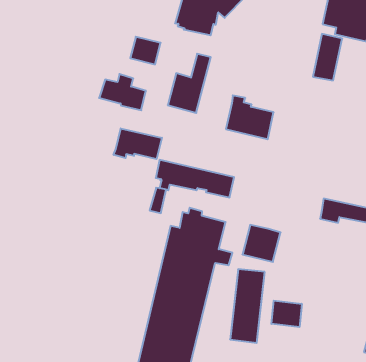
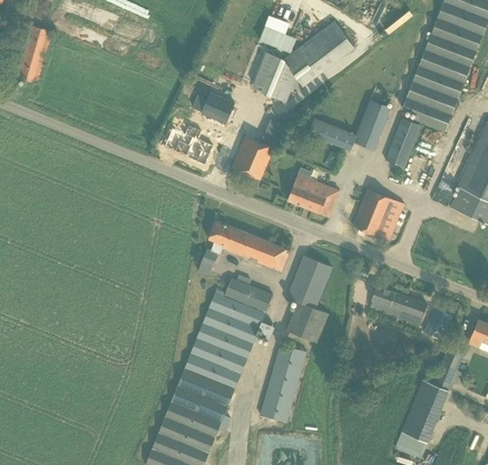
building: none -> [308,99,391,151]
building: none -> [352,189,393,237]
building: [114,128,162,159] -> none
building: none -> [287,256,332,308]
building: [271,301,302,327] -> none

